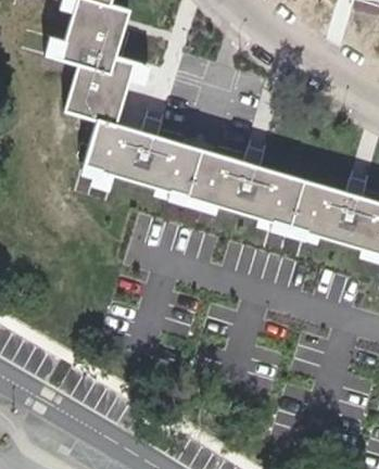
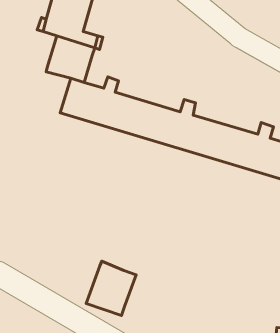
building: none -> [86,261,136,315]

